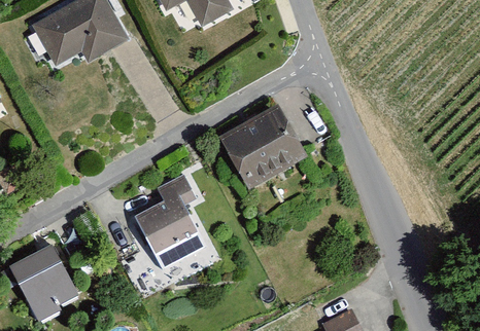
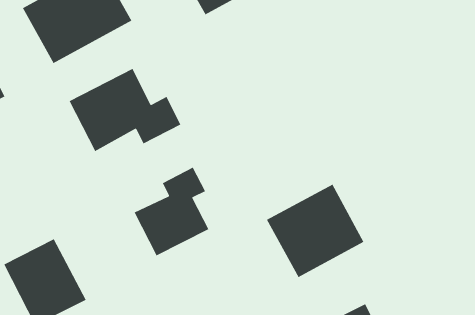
building: none -> [69,68,181,152]
building: [214,100,308,189] -> [266,184,364,278]

